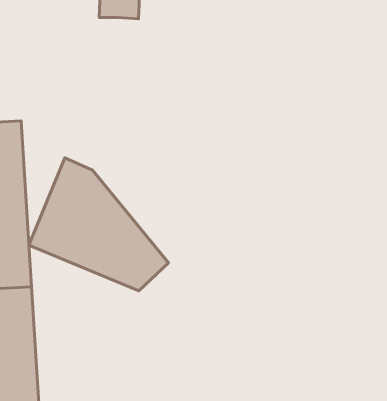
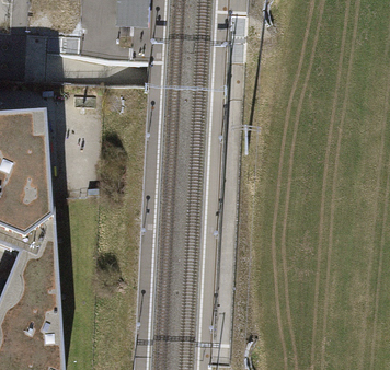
building: [29,158,168,291] -> none

